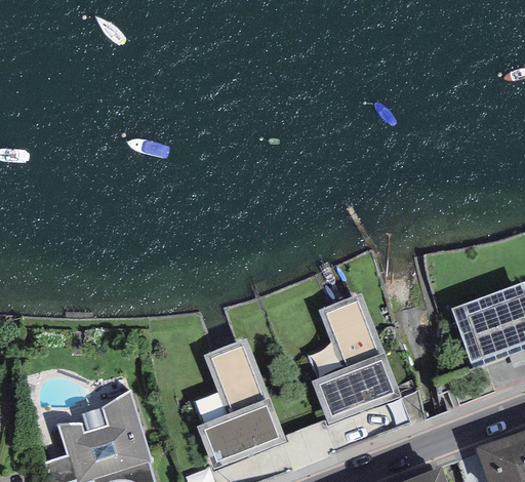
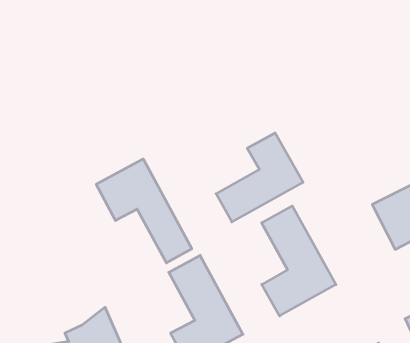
building: none -> [216,133,303,222]
building: none -> [96,159,192,263]

